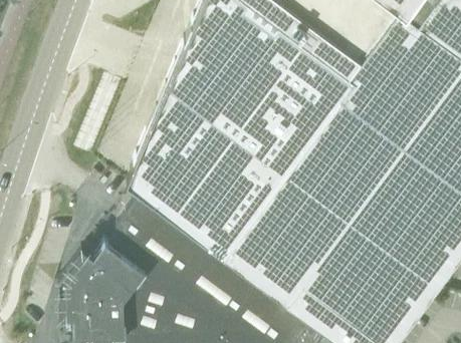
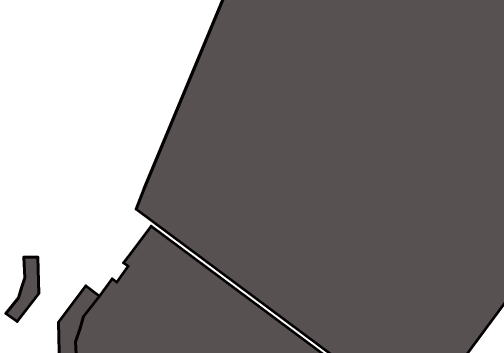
building: none -> [6,257,39,321]

